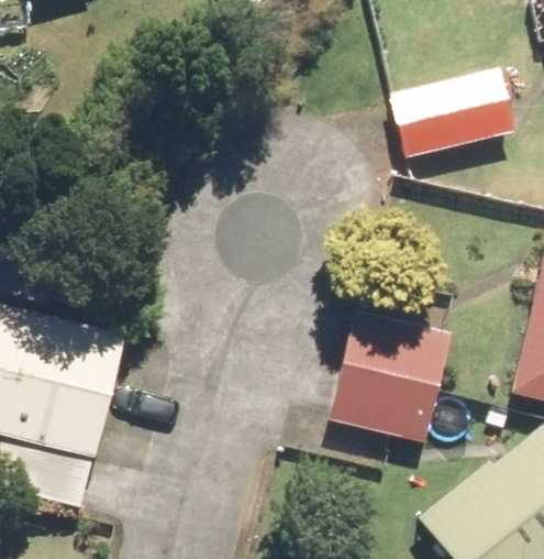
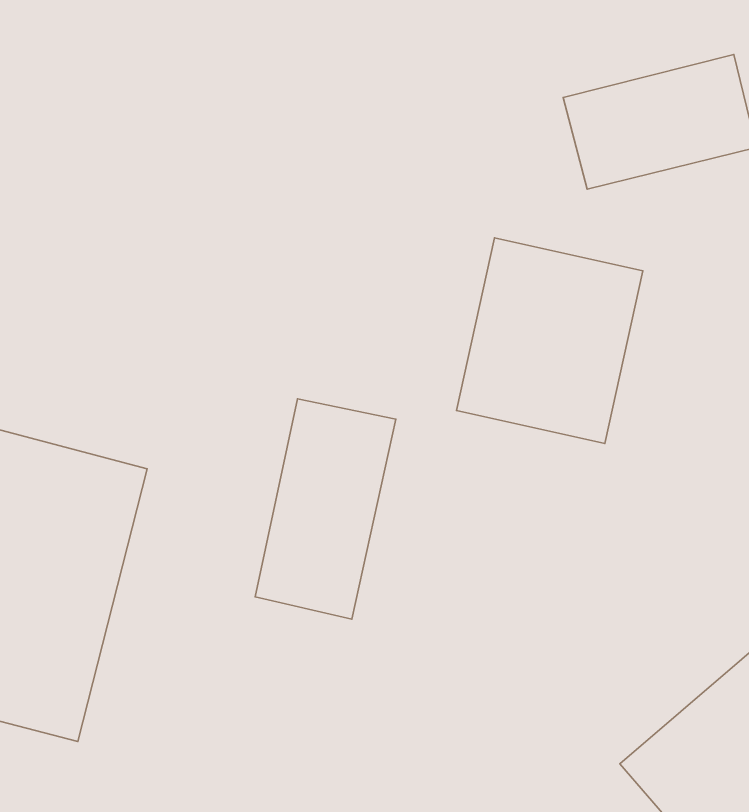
building: none -> [255,399,396,619]
building: [331,310,449,441] -> [456,238,643,443]

